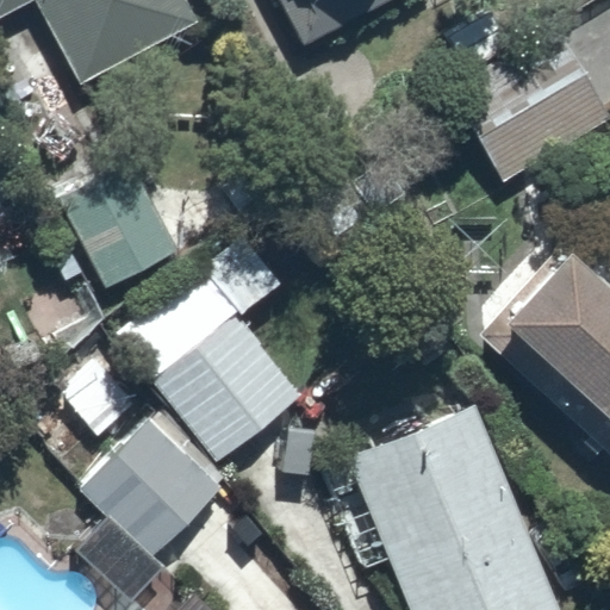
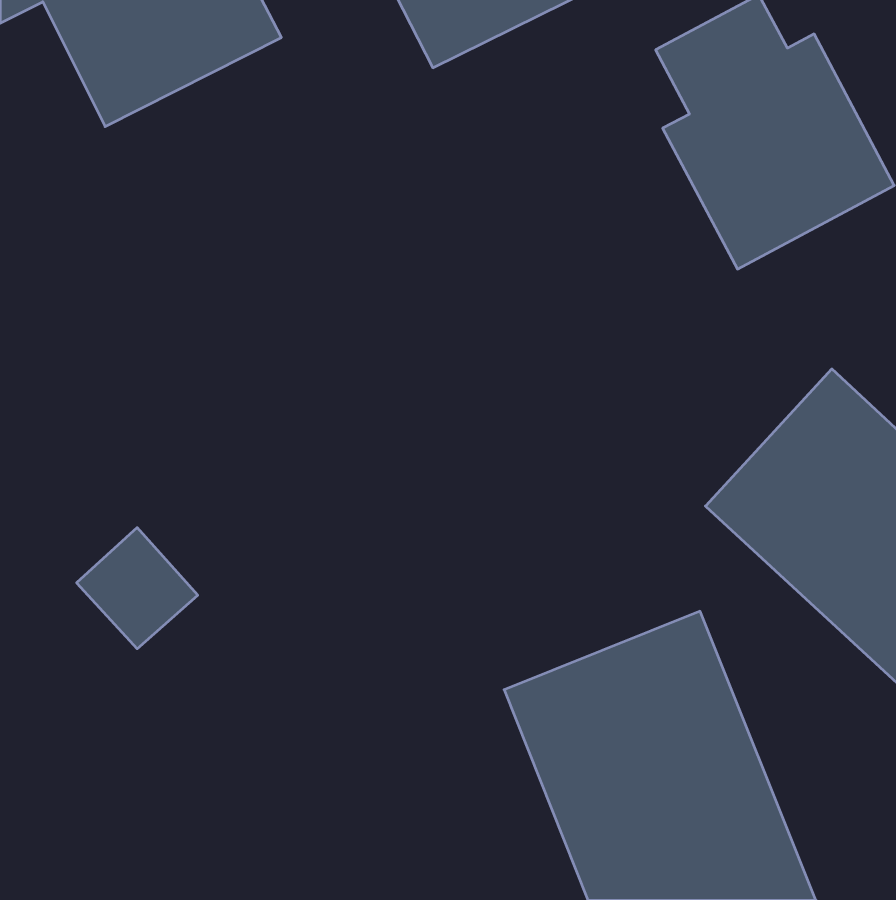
building: [57,158,176,288] -> none
building: [155,313,299,459] -> none
building: [83,417,225,558] -> none

